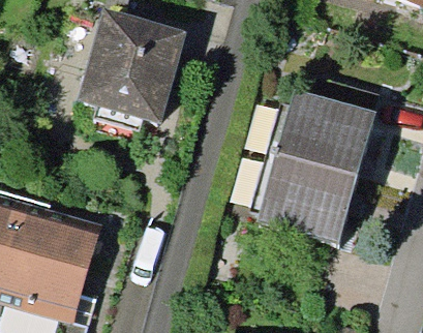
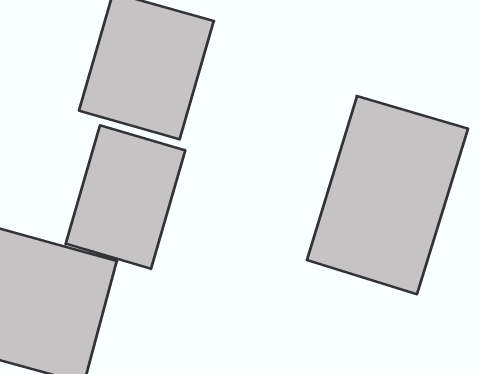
building: none -> [66,125,185,269]

